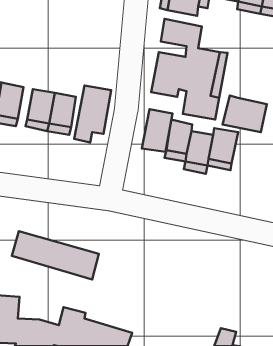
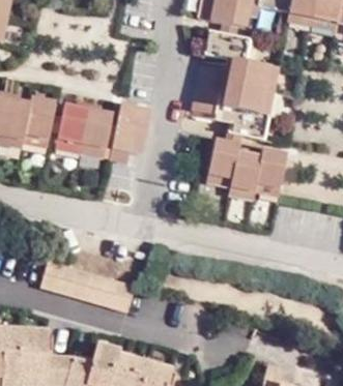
building: [222,96,267,132] -> none
building: [142,109,172,152] -> none

